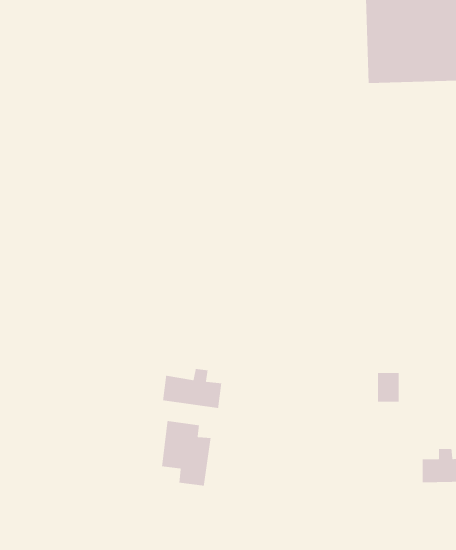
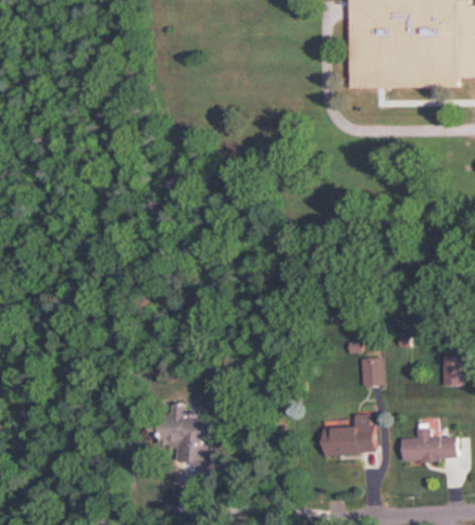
building: [162,368,222,409] -> none
building: none -> [323,413,374,454]

